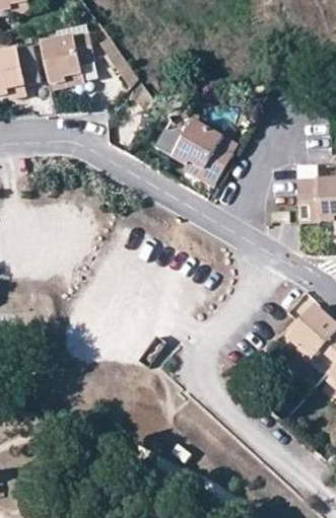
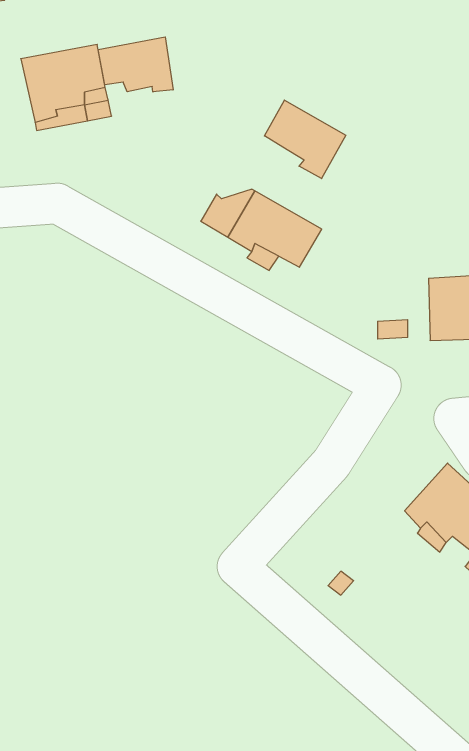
building: none -> [98,37,173,92]
building: none -> [264,100,346,179]

